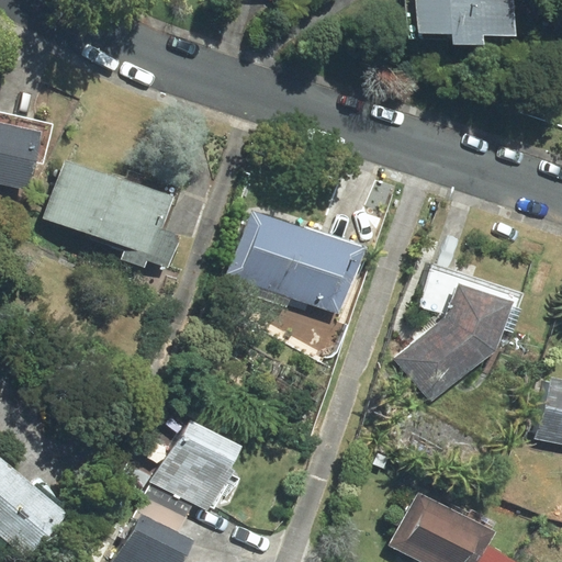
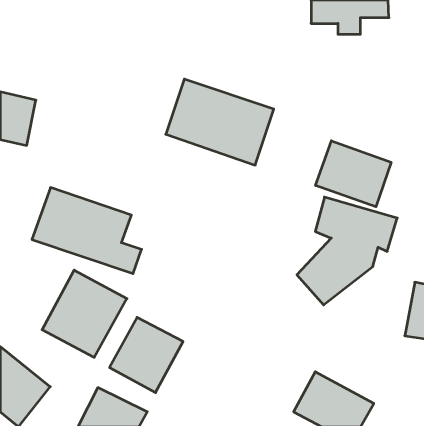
building: [38,155,182,268] -> [32,188,142,274]
building: none -> [316,141,391,207]
building: [224,205,366,318] -> [166,79,274,165]
building: none -> [42,270,127,357]

